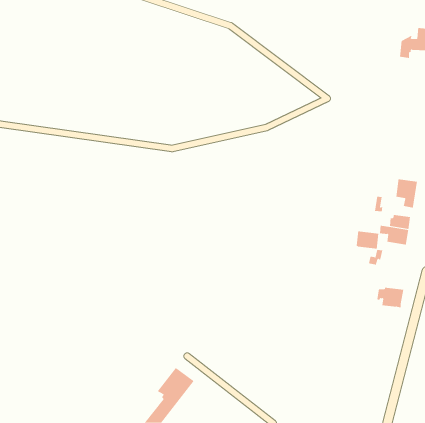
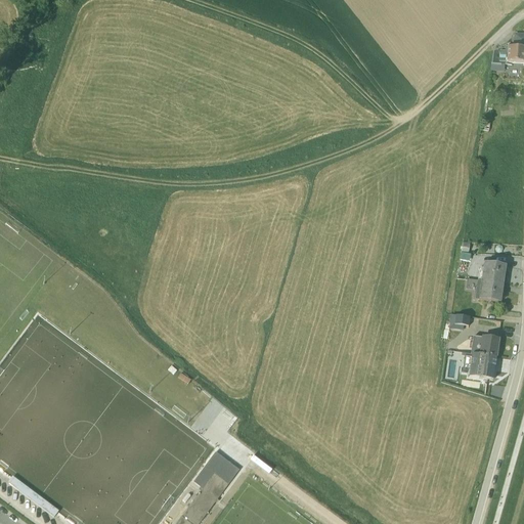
building: [396,178,418,208] -> none
building: [356,231,379,249] -> [471,333,499,355]

